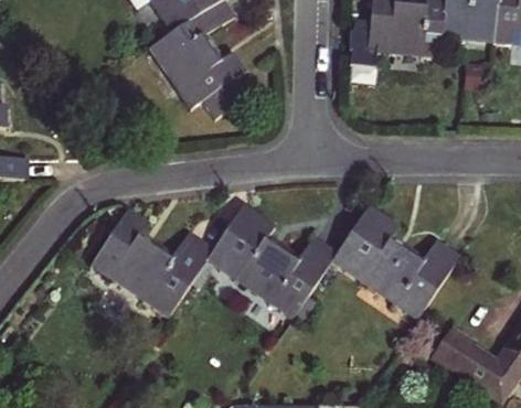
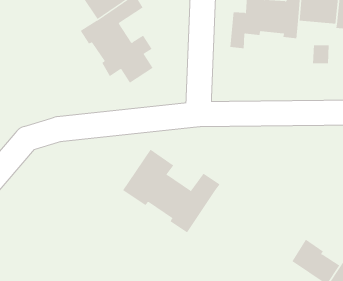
building: [331,205,460,319] -> none
building: [89,210,213,318] -> none

